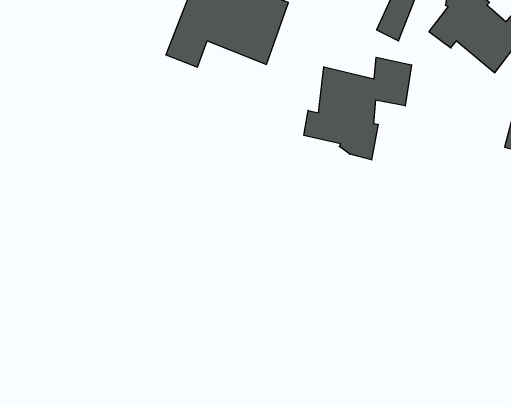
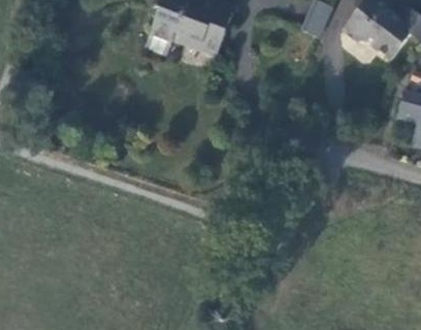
building: [304,57,412,160] -> none

